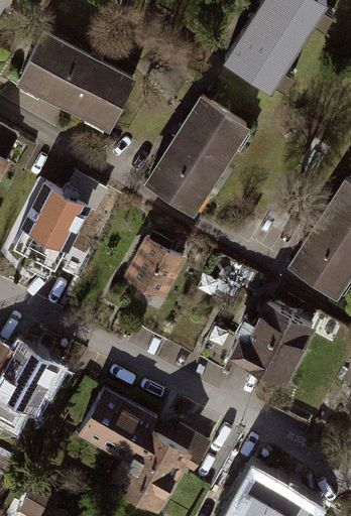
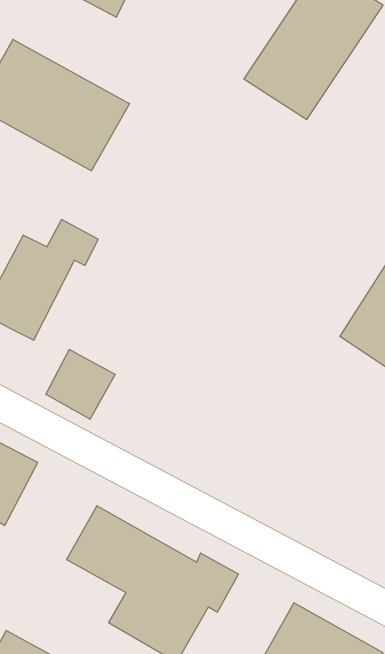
building: [147,95,247,209] -> none
building: [130,236,184,289] -> [46,349,115,419]
building: [240,299,314,376] -> none

